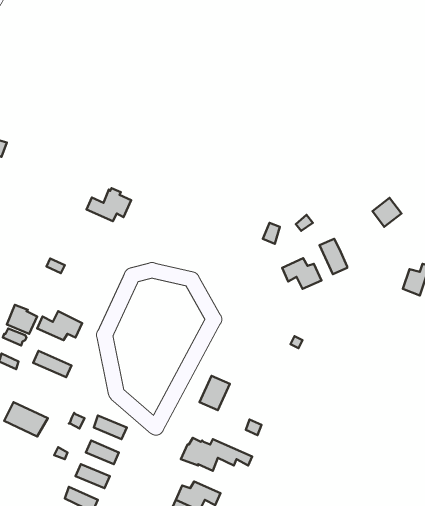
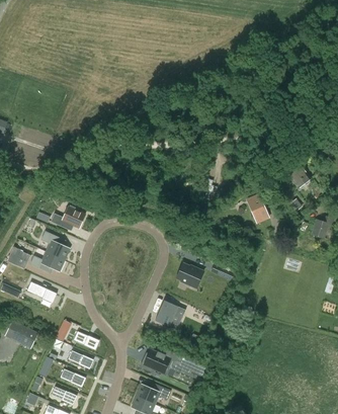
building: [86,188,131,221] -> [51,205,85,231]
building: [282,258,322,289] -> none
building: none -> [41,231,70,260]
building: none -> [176,263,203,287]

